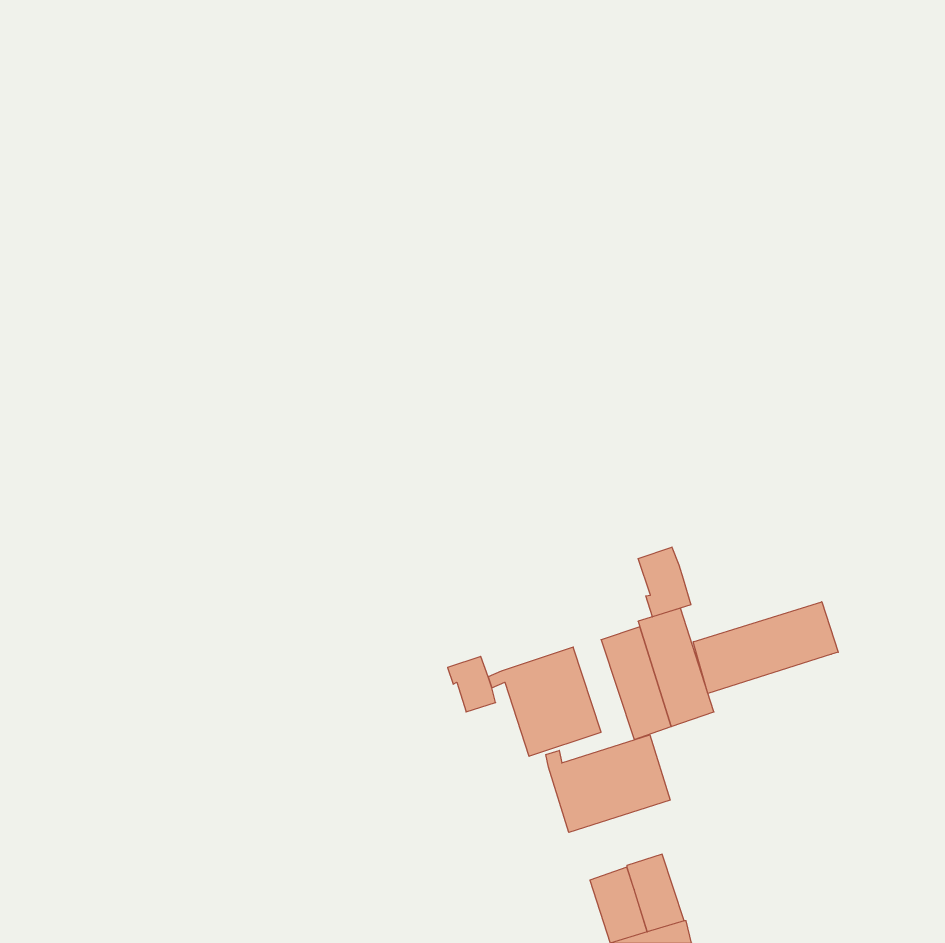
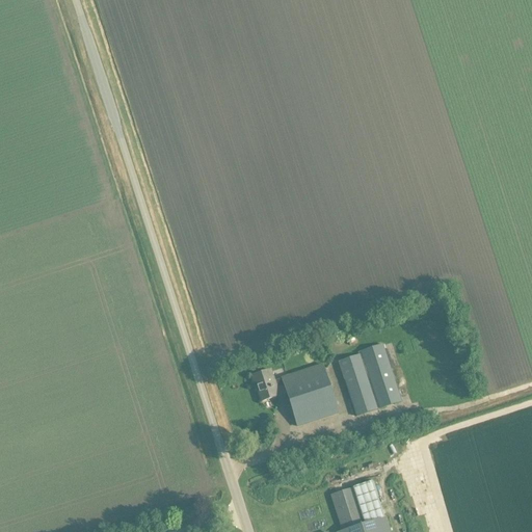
building: [638,547,691,617] -> none
building: [693,602,838,693] -> none
building: [546,735,670,832] -> none

